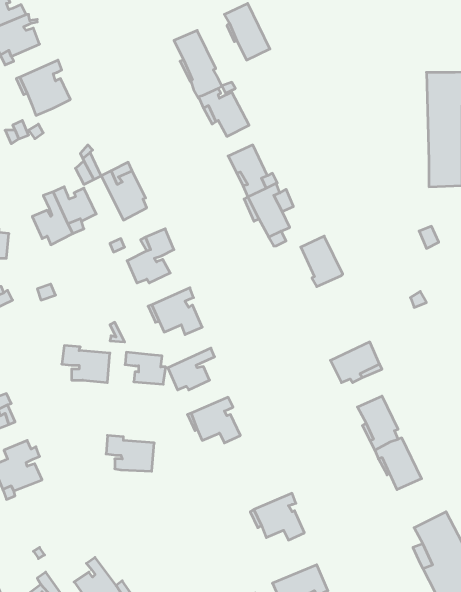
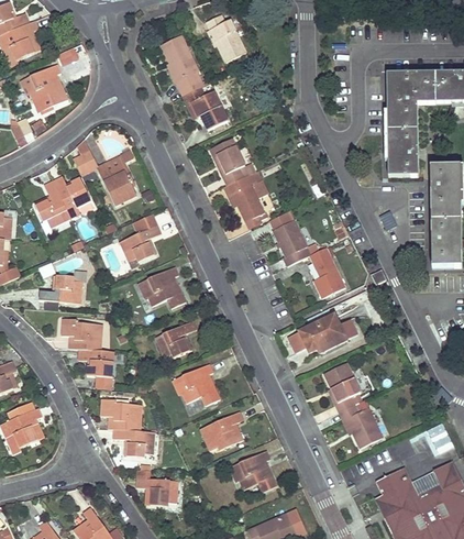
building: none -> [310,246,345,298]
building: none -> [40,274,82,302]
building: [125,352,166,384] -> [78,348,114,376]
building: none -> [199,409,243,449]
building: none -> [112,428,155,455]
building: none -> [136,468,178,506]

